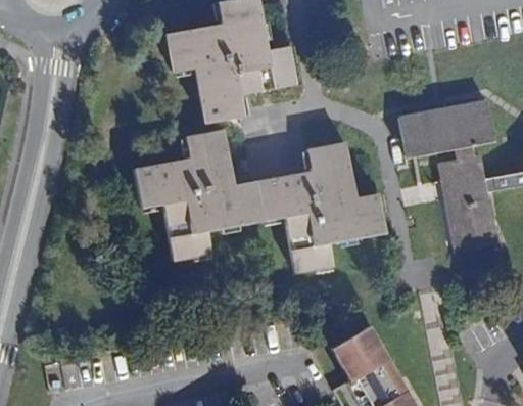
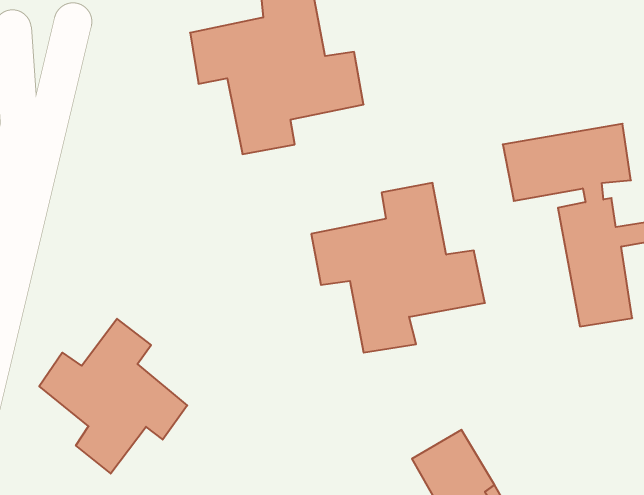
building: [134,129,264,260] -> none
building: none -> [39,319,187,474]

